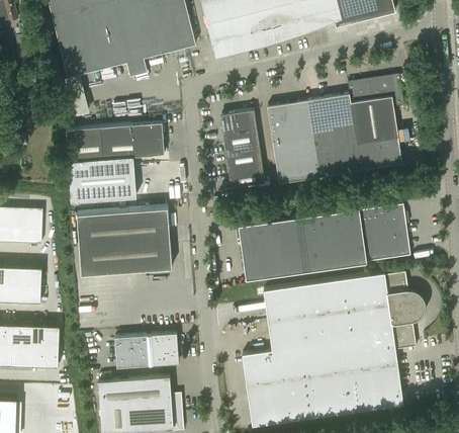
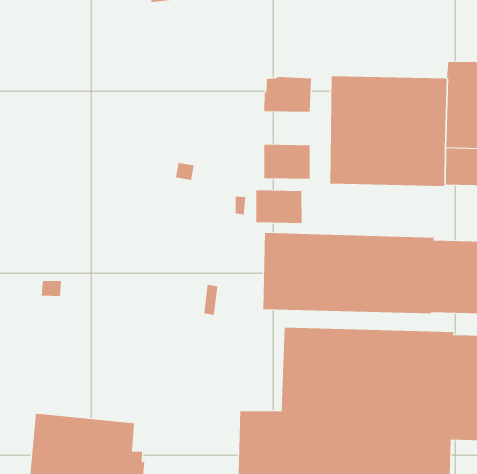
building: [65,125,164,202] -> none
building: [222,136,260,164] -> [255,190,302,223]
building: [76,208,171,275] -> none
building: [114,335,177,369] -> none

